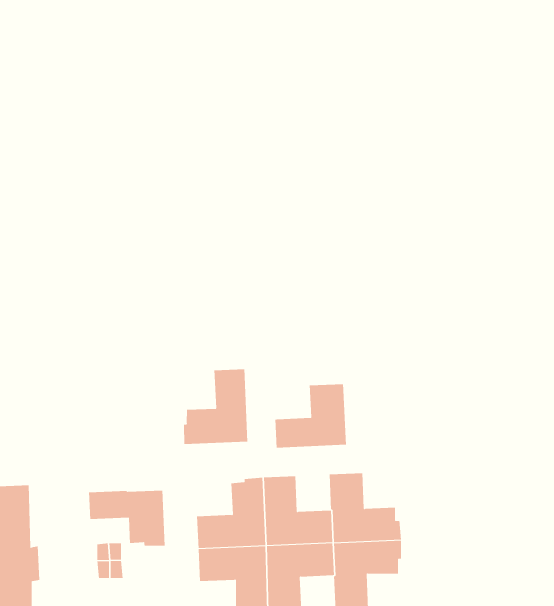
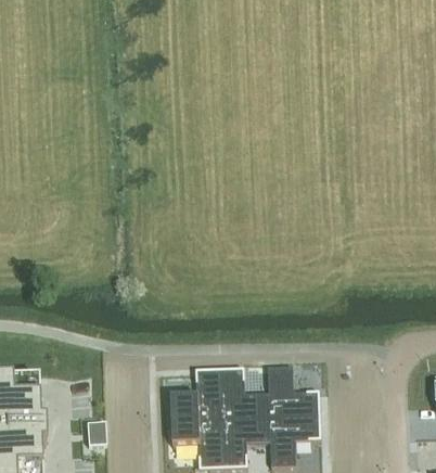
building: [183,368,248,445] -> none
building: [275,384,346,448] -> none
building: [89,490,165,546] -> none

